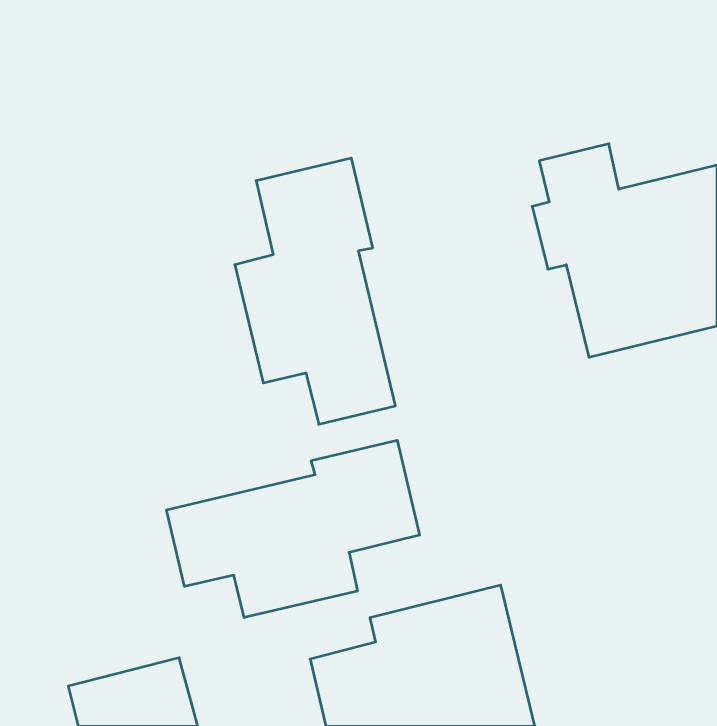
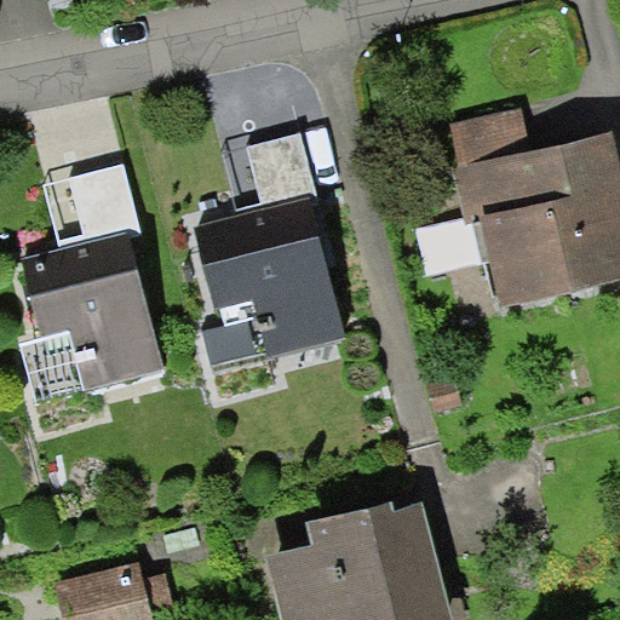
building: none -> [21,166,163,409]
building: [167,440,420,618] -> none

